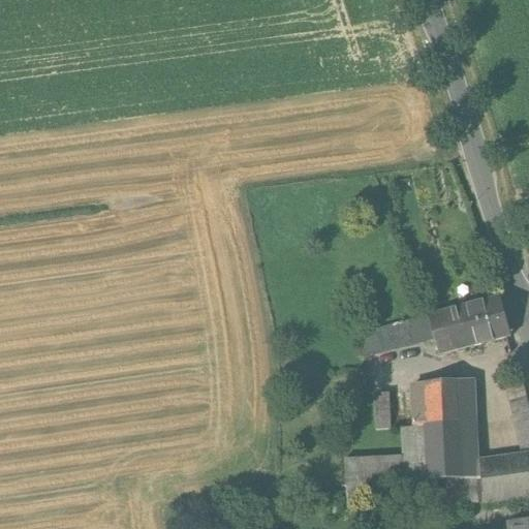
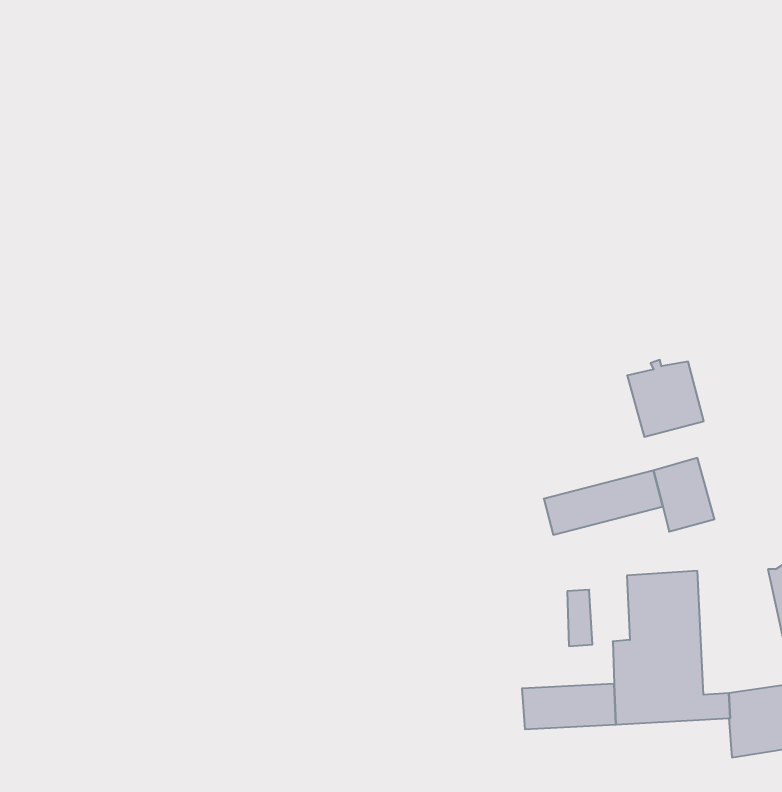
building: [472,291,523,342] -> [627,360,704,437]

